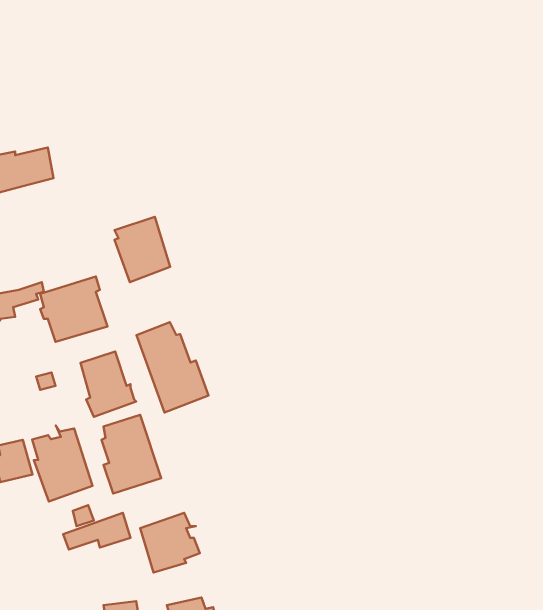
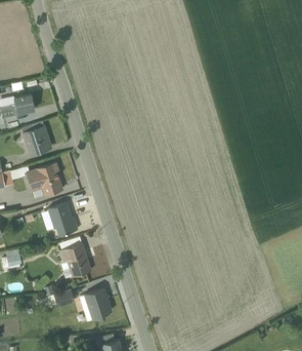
building: [114,217,170,282] -> [21,119,51,154]
building: [136,322,209,412] -> none
building: [32,425,93,501] -> none

